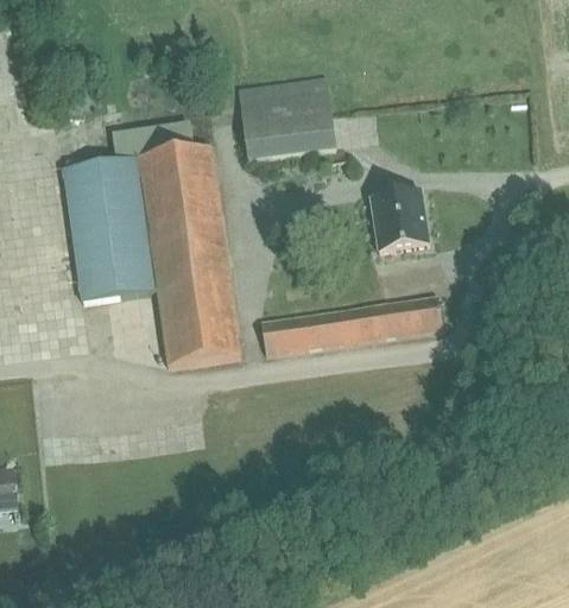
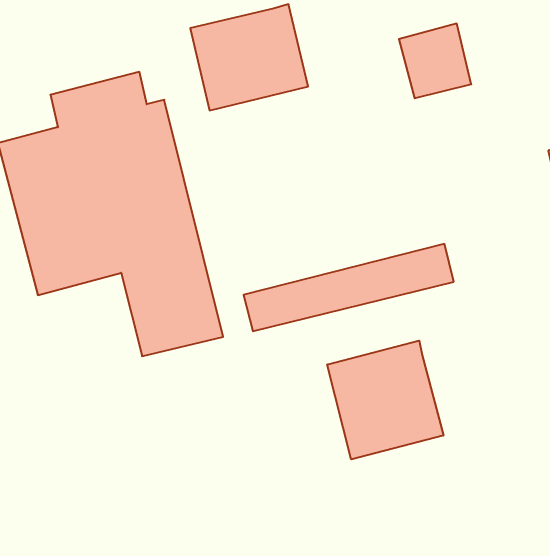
building: [371,191,429,252] -> [399,24,471,98]
building: none -> [327,341,443,459]

